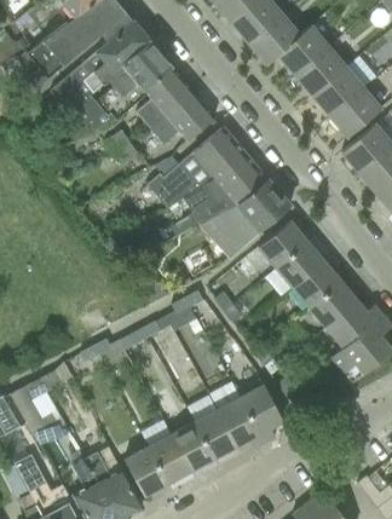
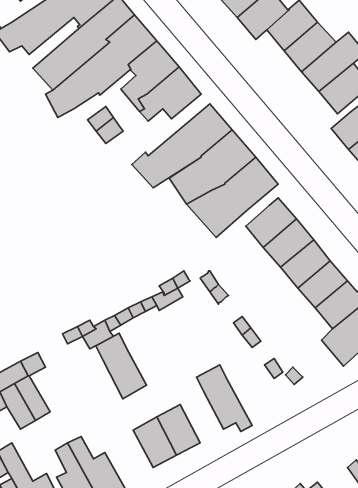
building: [240,384,283,442] -> none
building: [186,394,236,459] -> [96,333,146,399]
building: [125,446,167,496] -> none

